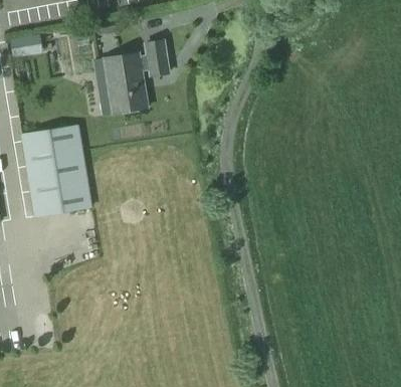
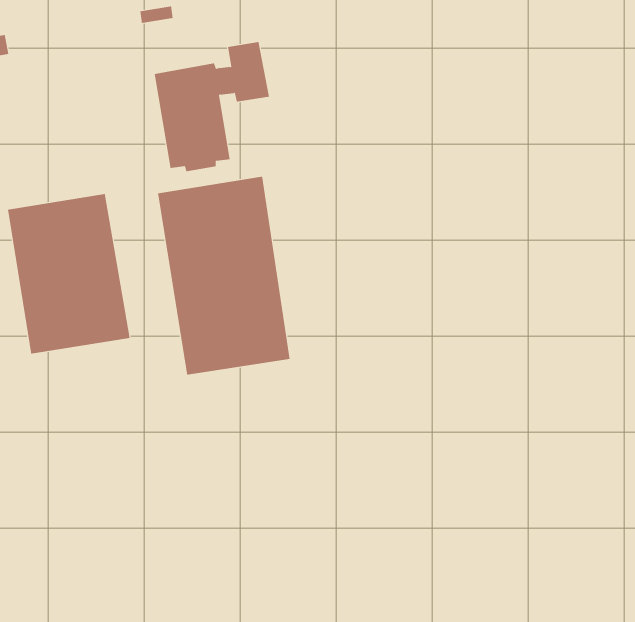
building: none -> [157,176,290,376]

